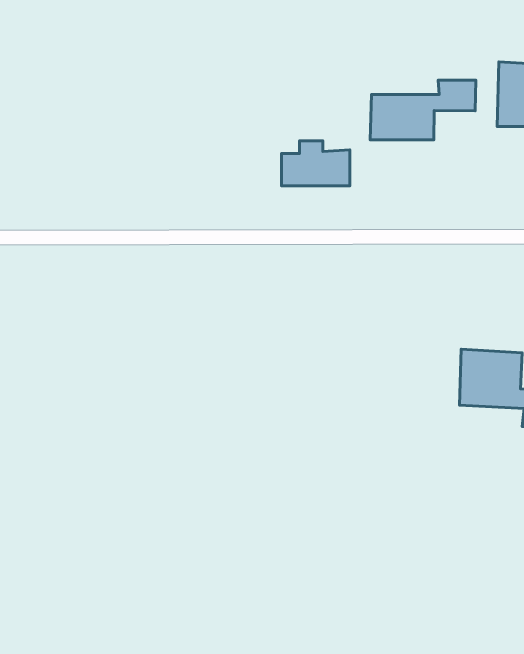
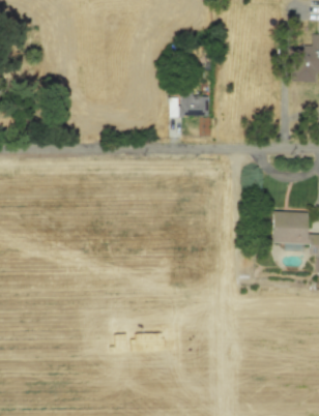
building: [370,80,476,140] -> none

